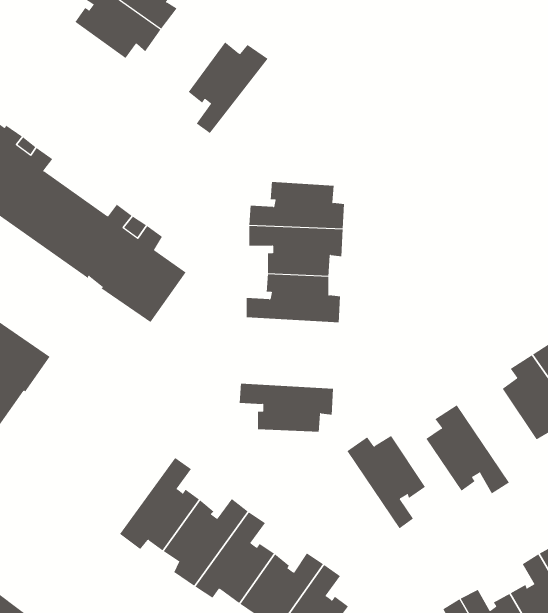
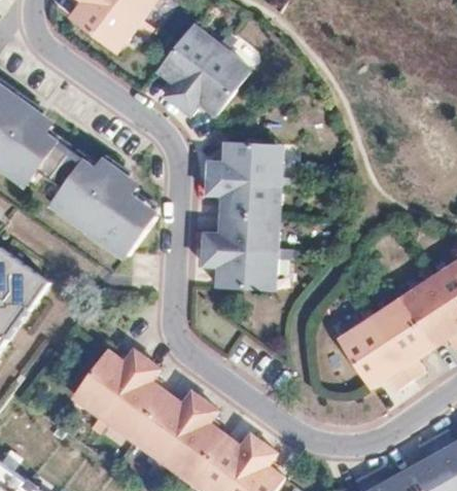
building: none -> [175,48,242,117]
building: [239,383,334,432] -> [202,250,276,288]
building: [347,435,426,529] -> [367,306,429,379]
building: none -> [80,351,147,419]

